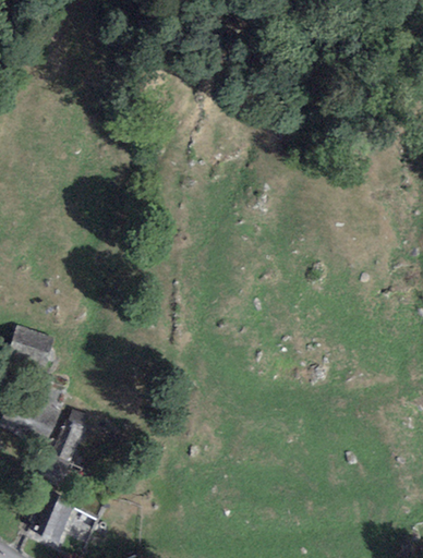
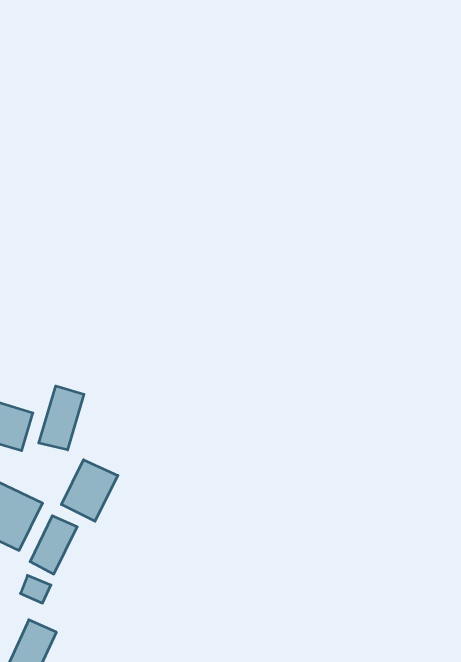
building: none -> [39,386,84,450]
building: none -> [61,460,118,521]

